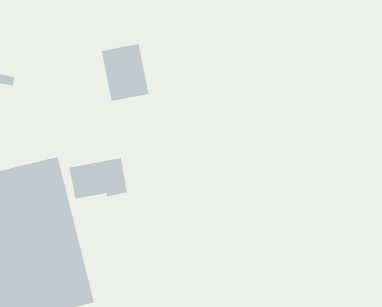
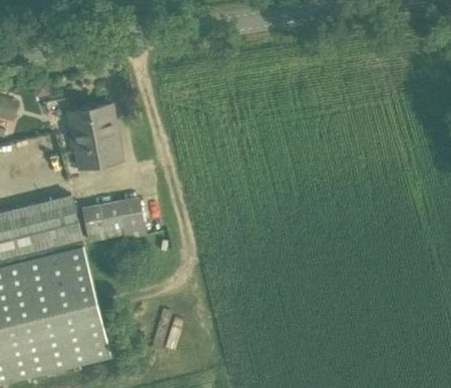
building: [101,43,149,102] -> [68,105,121,169]

